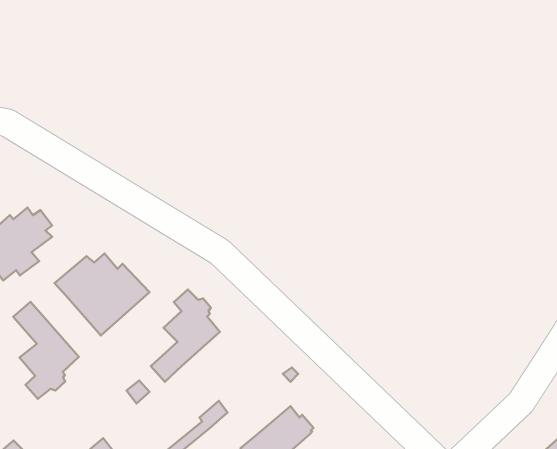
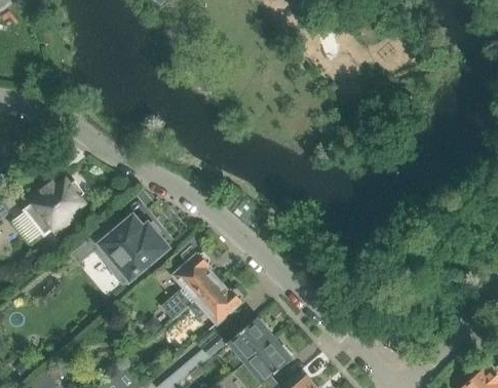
building: [13,302,79,399] -> none
building: none -> [187,279,243,324]
building: none -> [229,318,274,362]

